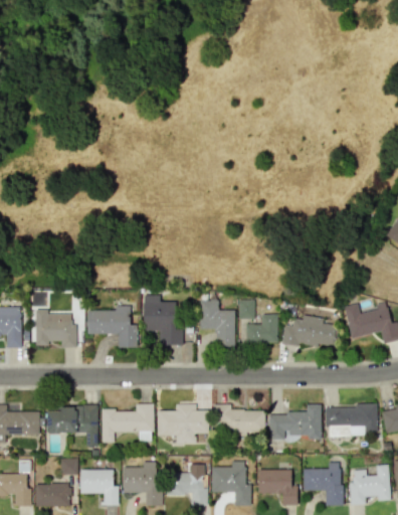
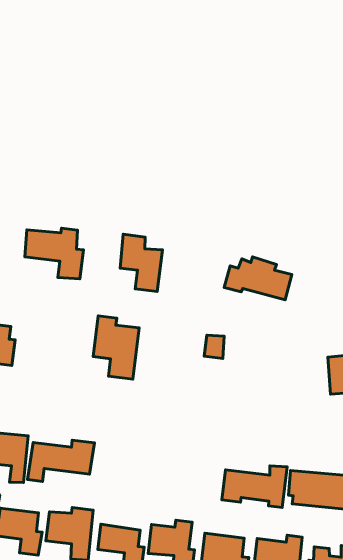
building: [199,301,234,346] -> [120,234,162,292]
building: [86,306,137,348] -> [25,228,83,279]
building: [245,315,277,343] -> none
building: [281,315,338,348] -> [224,257,292,300]
building: [157,404,208,444] -> none
building: [213,406,264,434] -> none

